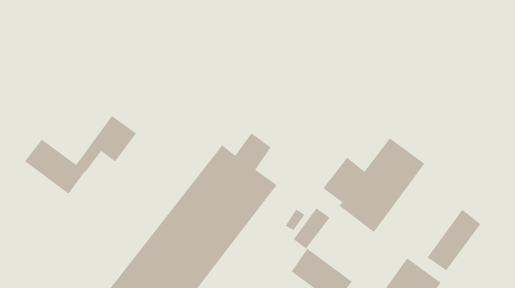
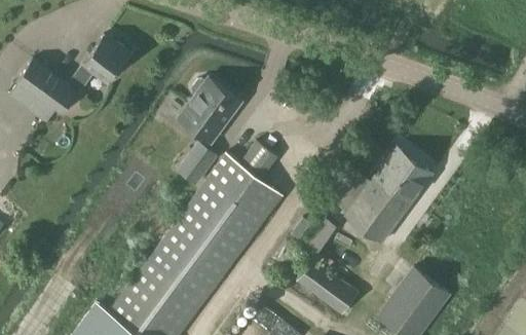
building: none -> [177,80,240,185]
building: [24,115,137,195] -> [14,37,128,117]
building: [427,209,481,271] -> none

